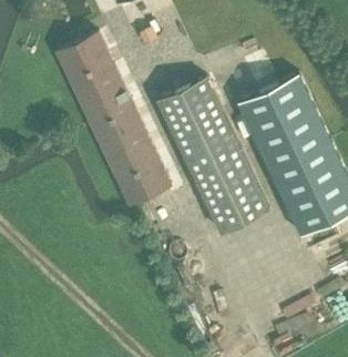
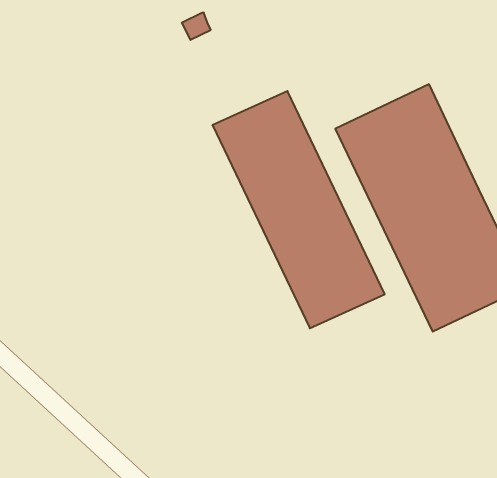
building: [57,33,172,206] -> none

